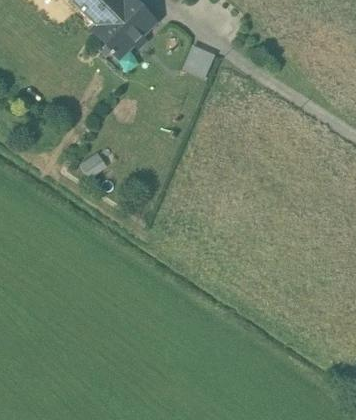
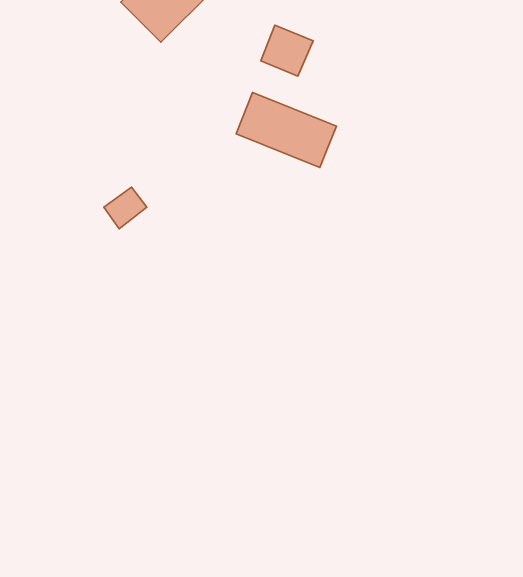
building: none -> [236,92,336,167]

